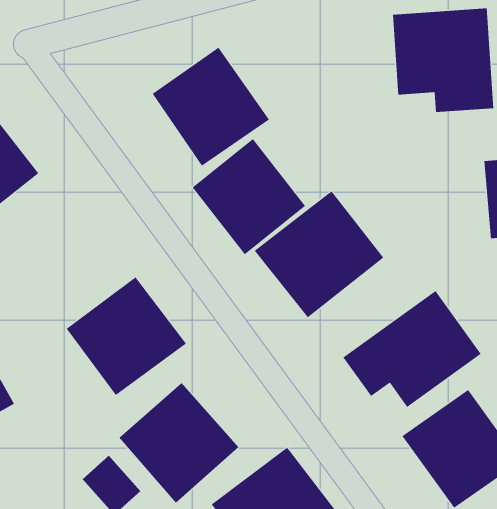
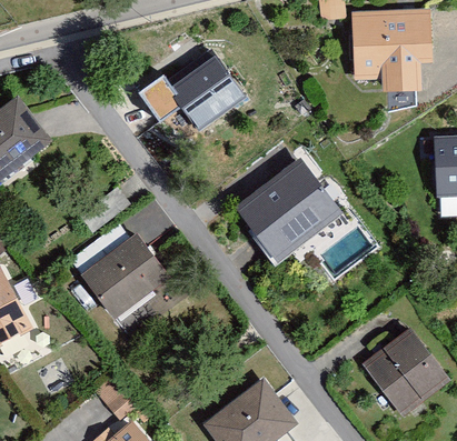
building: [192,138,306,255] -> none
building: [343,290,481,408] -> none
building: [119,382,239,503] -> none

